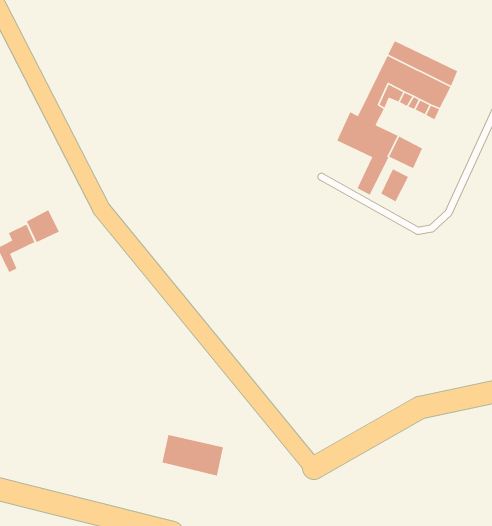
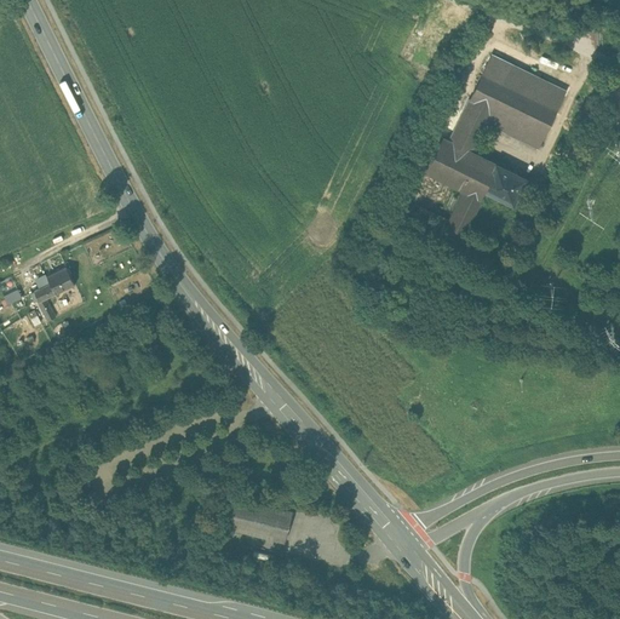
building: [380,168,409,203] -> none
building: [26,209,60,243] -> none

